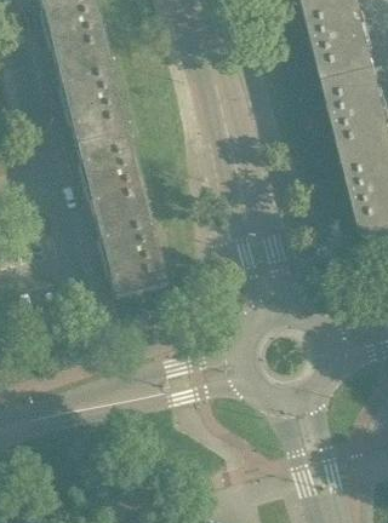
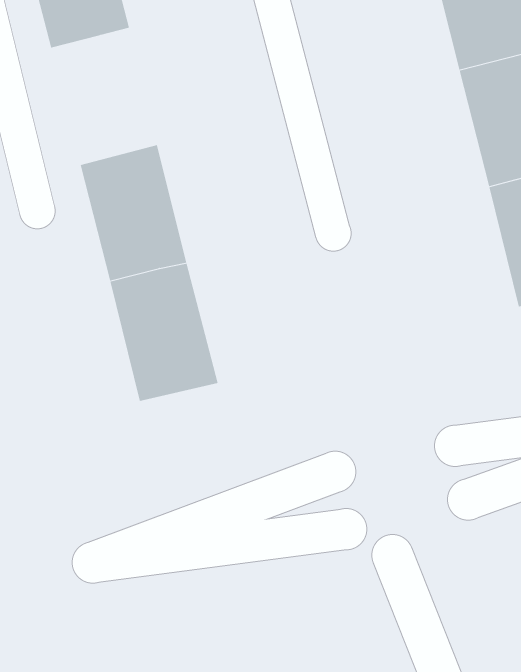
building: [56,52,126,142] -> none

